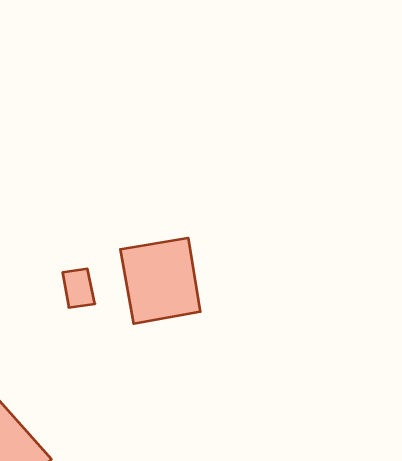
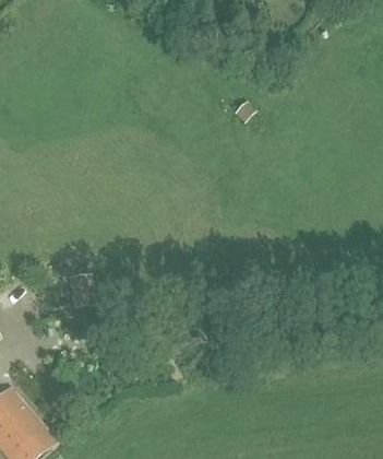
building: [120,238,200,324] -> none

